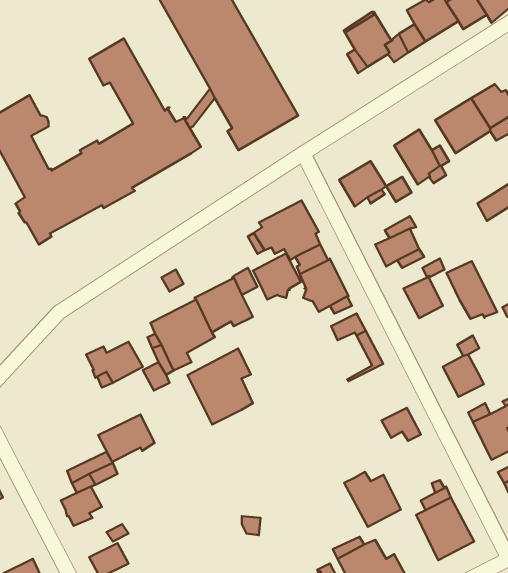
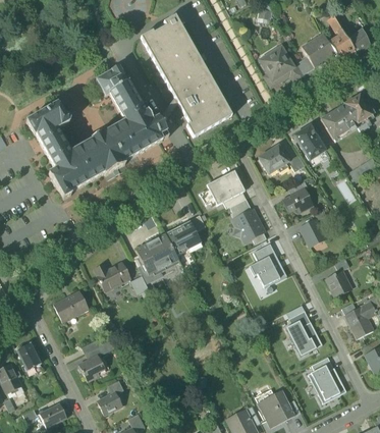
building: [253,253,301,300] -> none
building: [446,261,497,319] -> none
building: none -> [249,256,279,286]
building: [188,349,253,424] -> none
building: [98,415,155,462] -> [51,289,88,320]
building: [344,472,401,527] -> [285,320,322,356]

